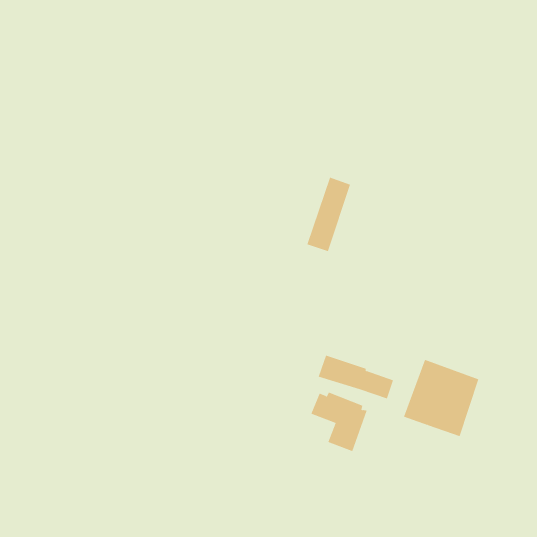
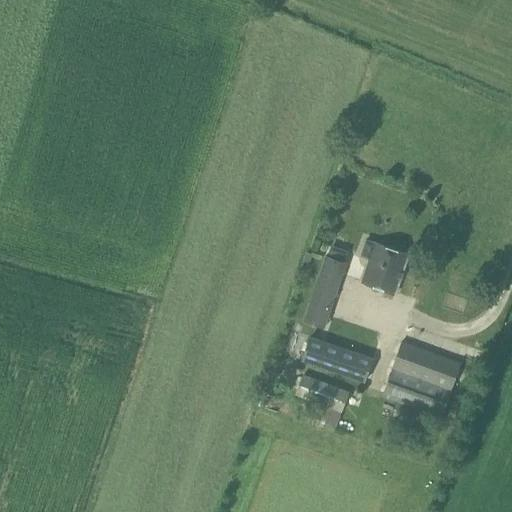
building: [306,177,351,252] -> [305,255,347,326]
building: none -> [361,238,410,292]

